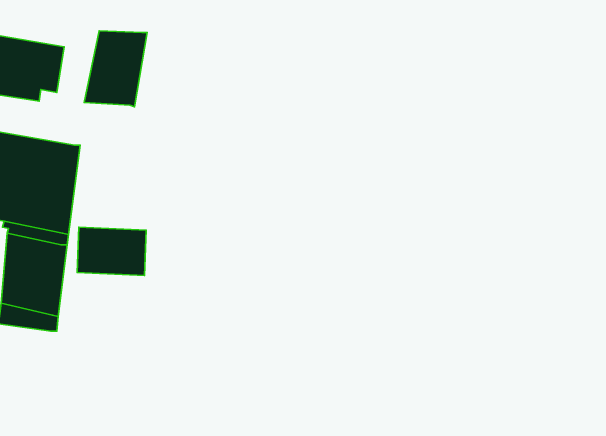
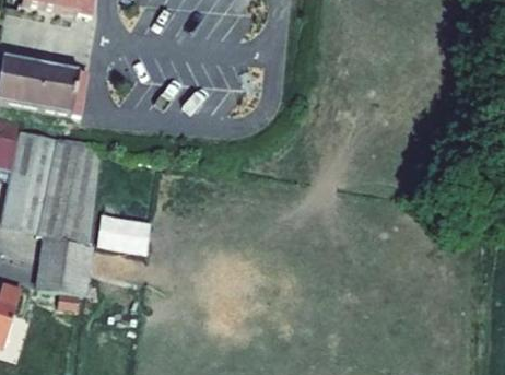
building: [84,31,147,107] -> none

